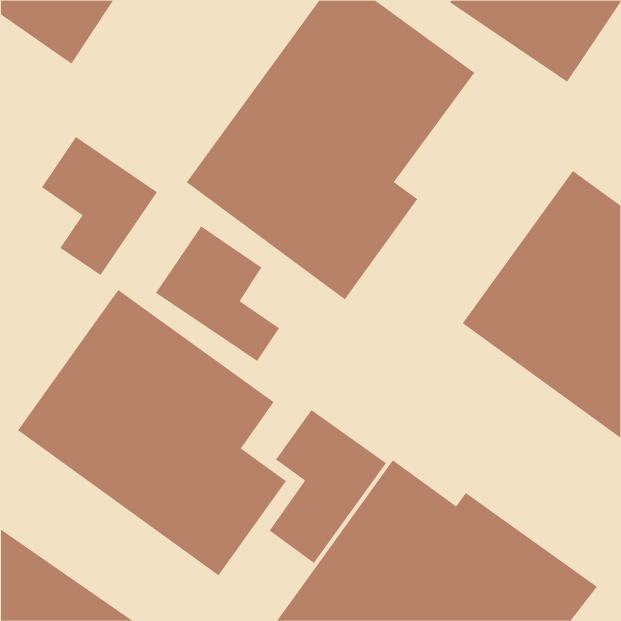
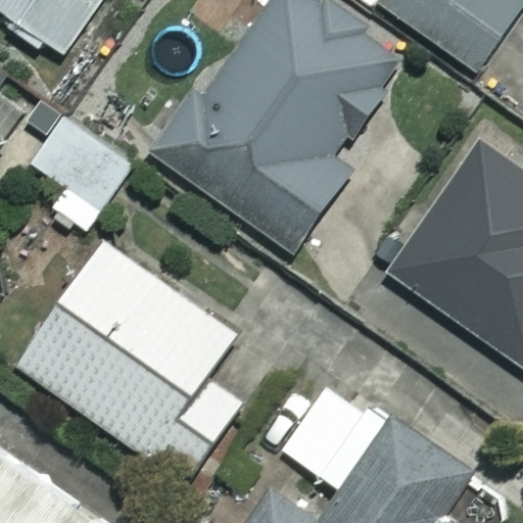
building: [155,225,280,362] -> none
building: [269,409,387,564] -> none

